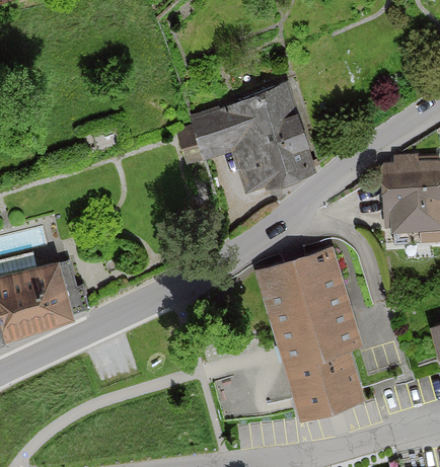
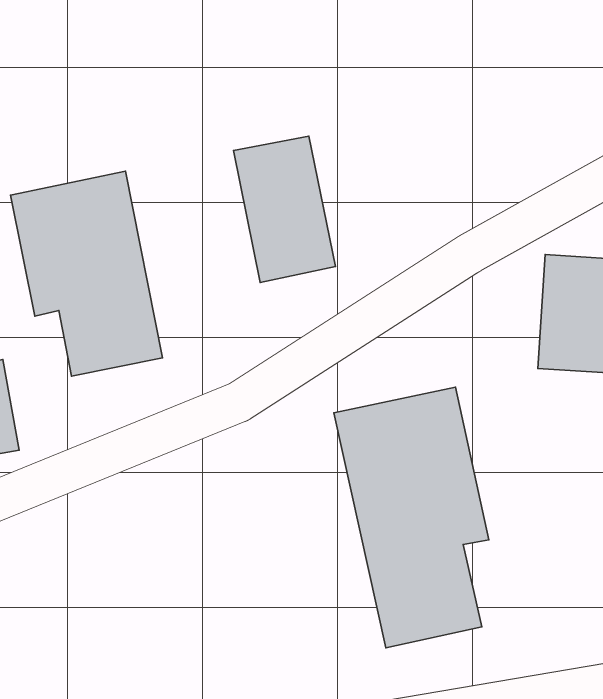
building: [233,87,315,187] -> none
building: none -> [10,171,162,376]

